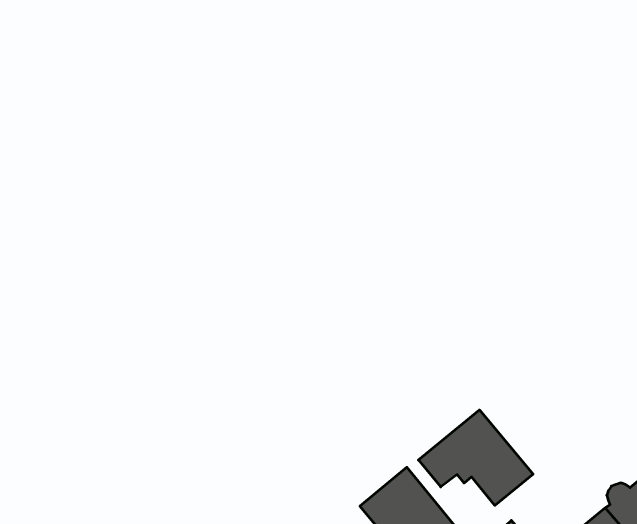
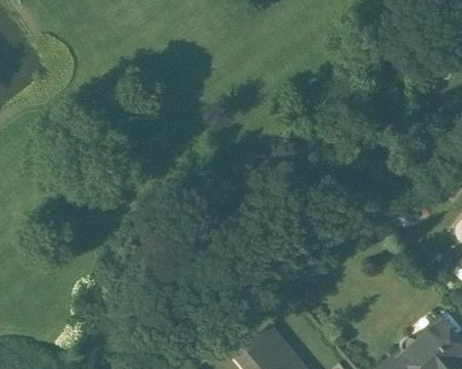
building: [418,410,533,505] -> none

